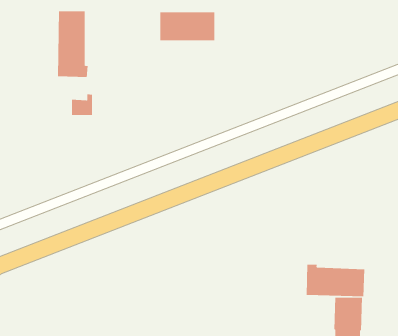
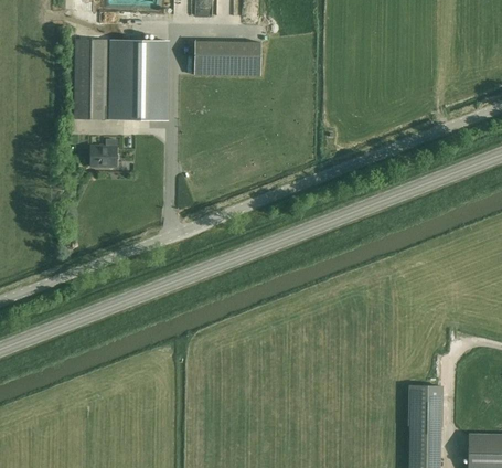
building: none -> [110,38,169,119]
building: [306,264,365,297] -> none

